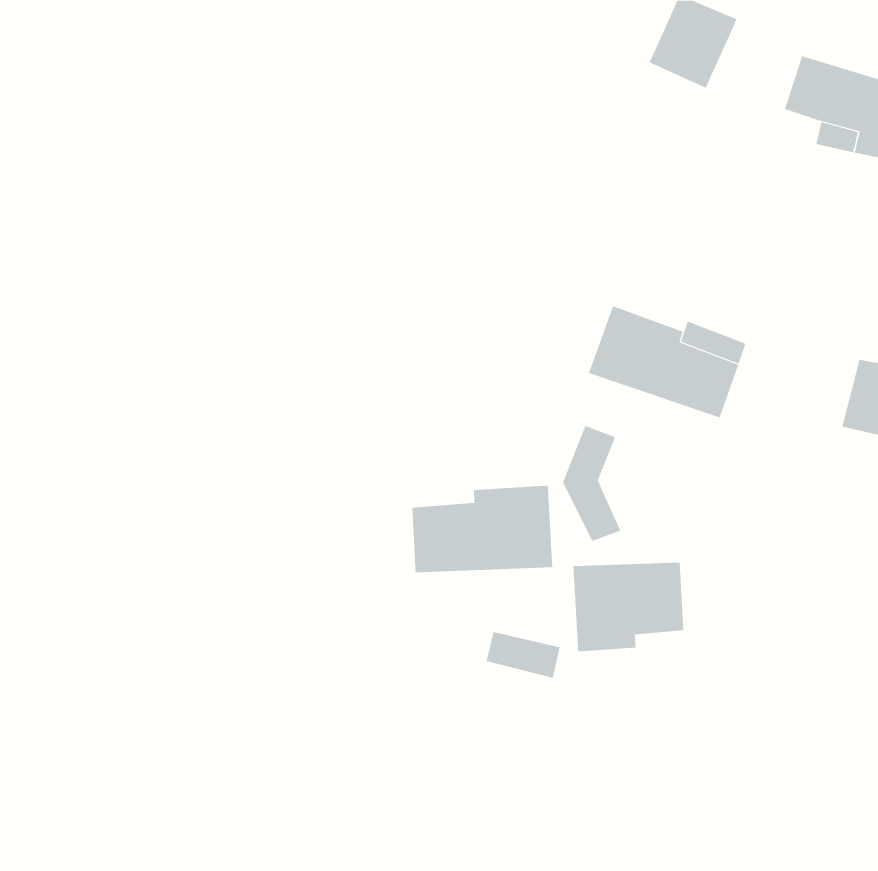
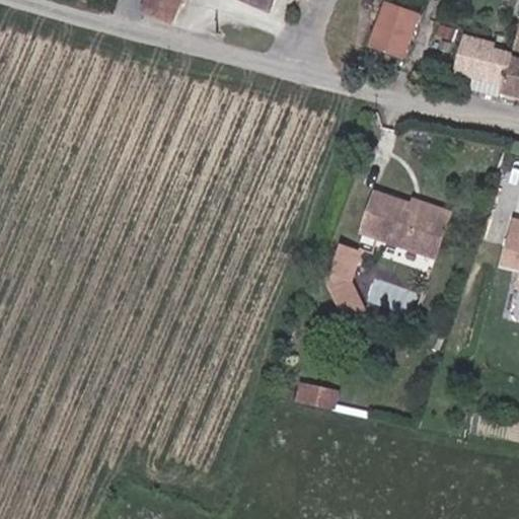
building: [412,485,553,573] -> none
building: [573,562,684,652] -> none

